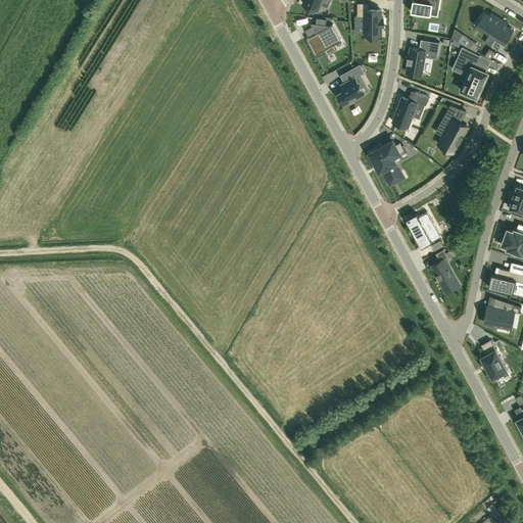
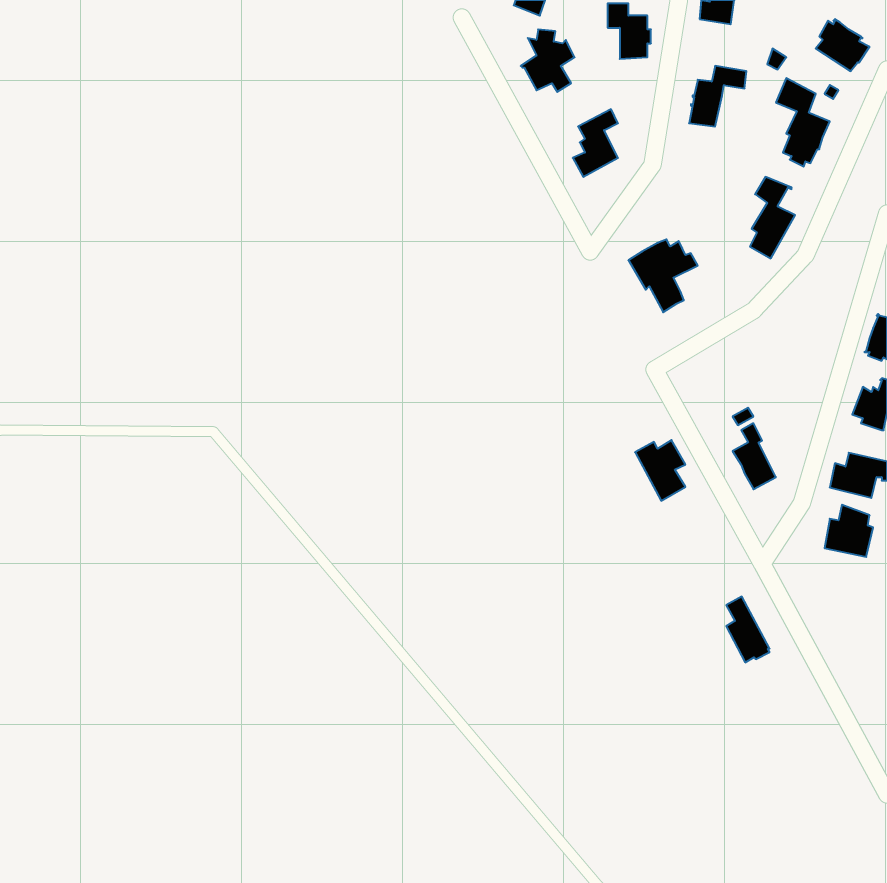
building: [392,93,429,129] -> none
building: [406,213,435,249] -> [635,440,685,501]
building: [481,341,507,380] -> [726,597,770,662]

